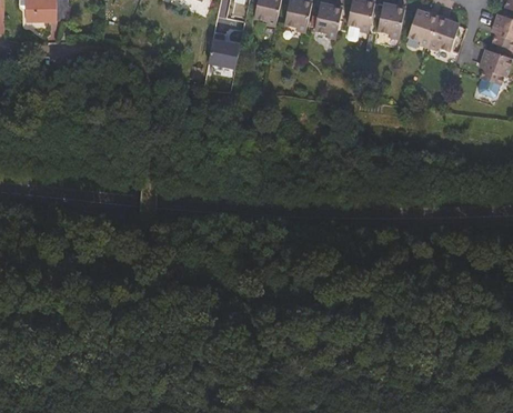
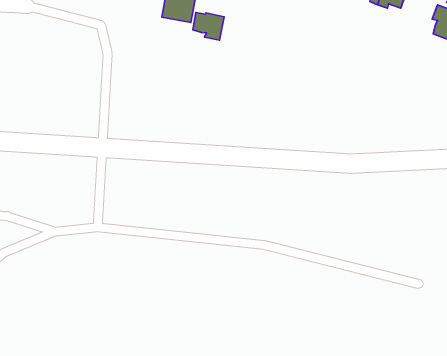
building: none -> [193,12,224,40]

